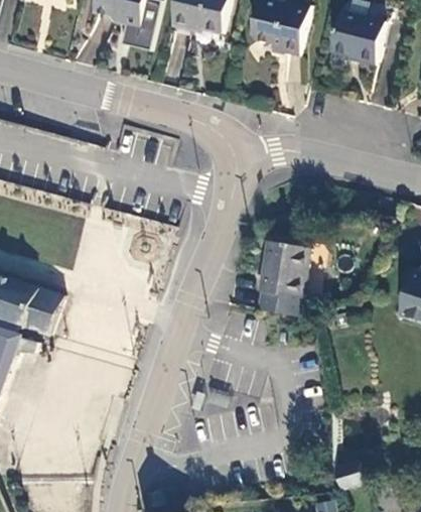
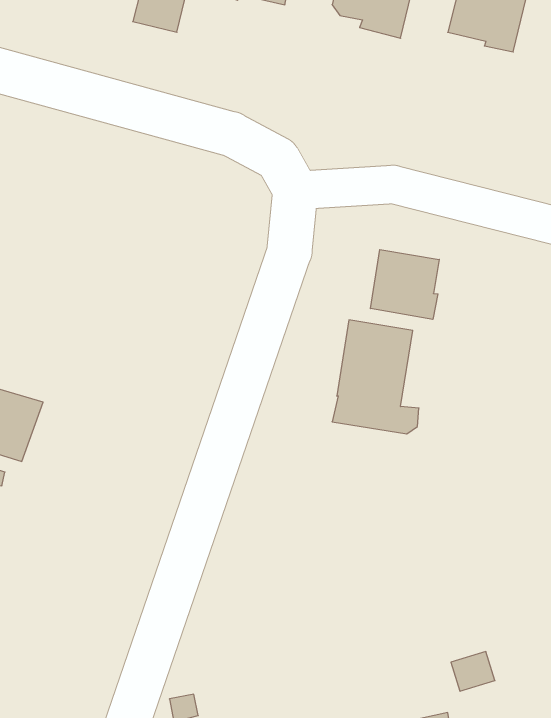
building: none -> [370,250,439,319]

